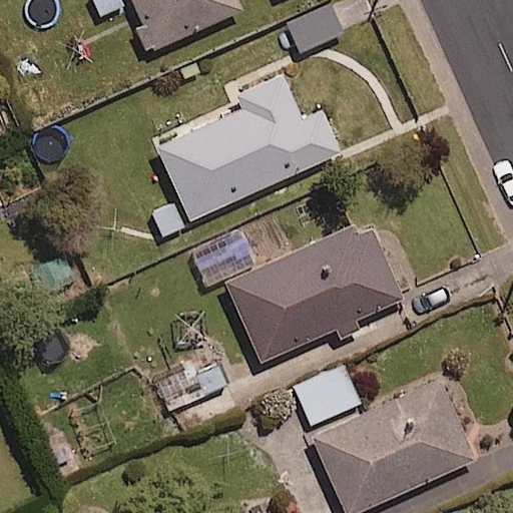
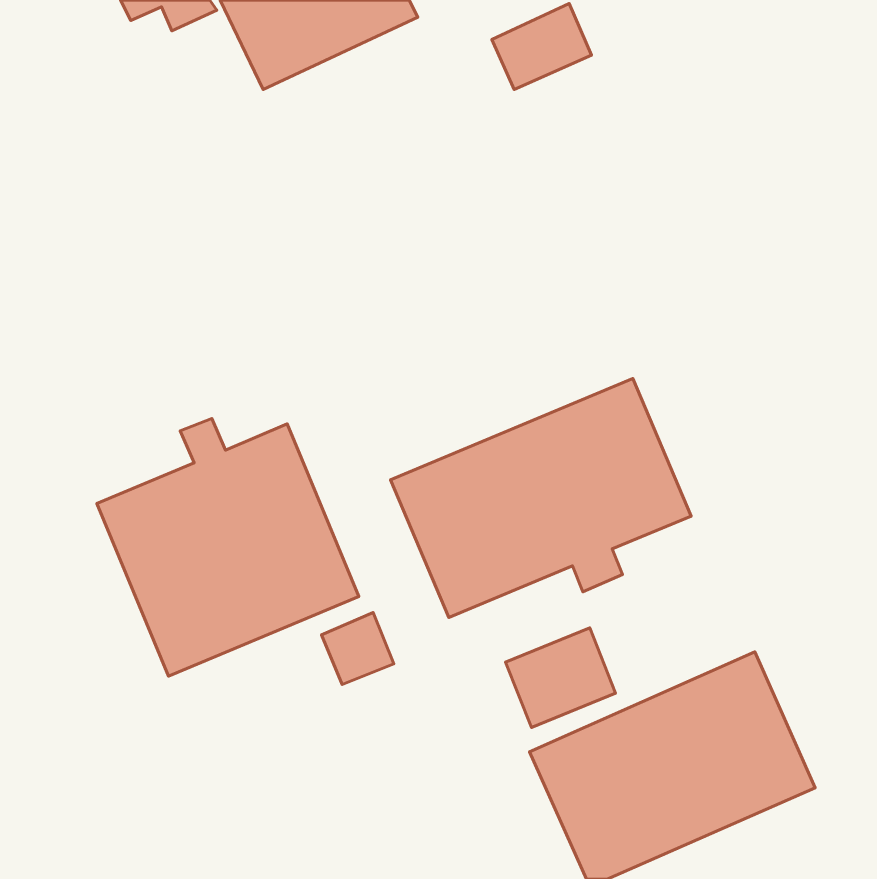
building: [158,75,337,218] -> none
building: none -> [97,418,359,676]

